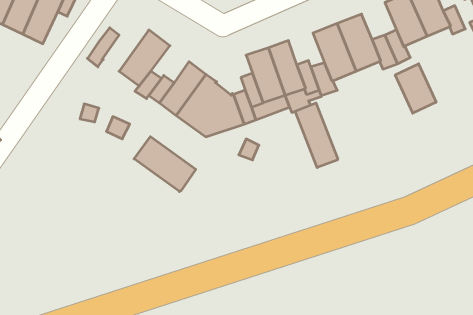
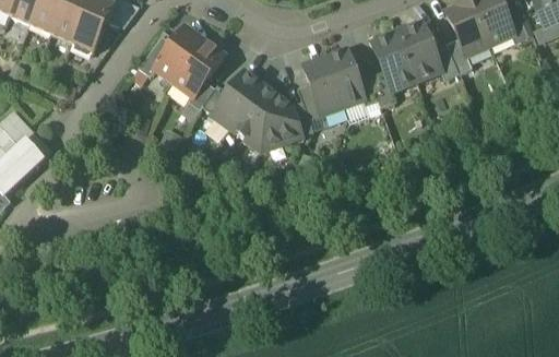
building: none -> [154,26,202,81]
building: [395,64,436,113] -> none
building: [295,103,338,168] -> none
building: [134,137,196,192] -> none

